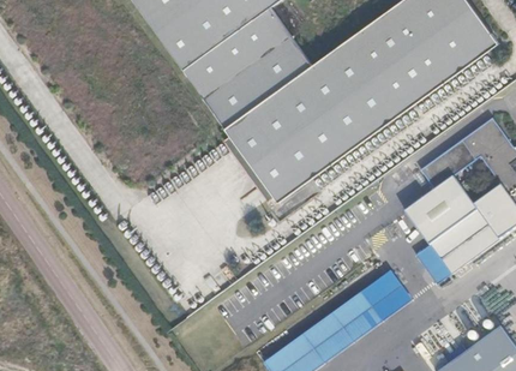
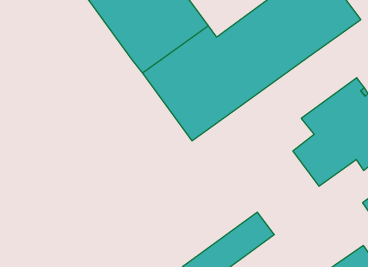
building: [443,223,500,273] -> none

